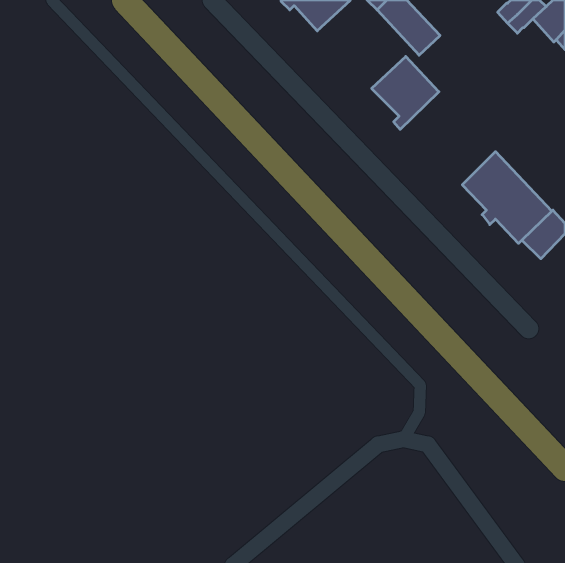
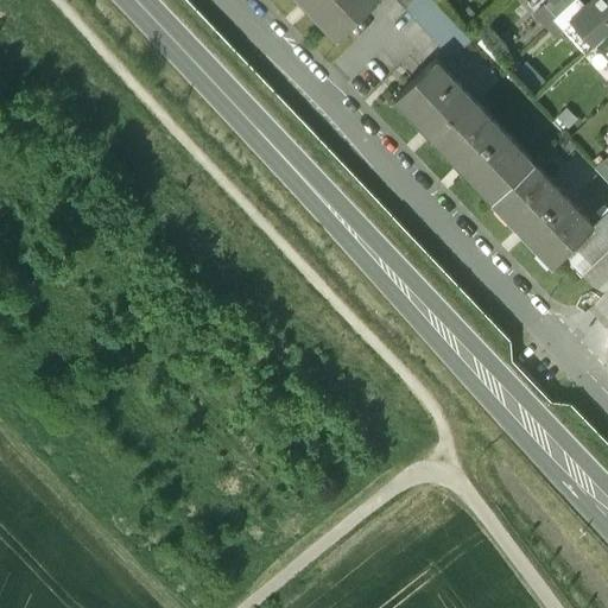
building: none -> [430,101,532,201]

